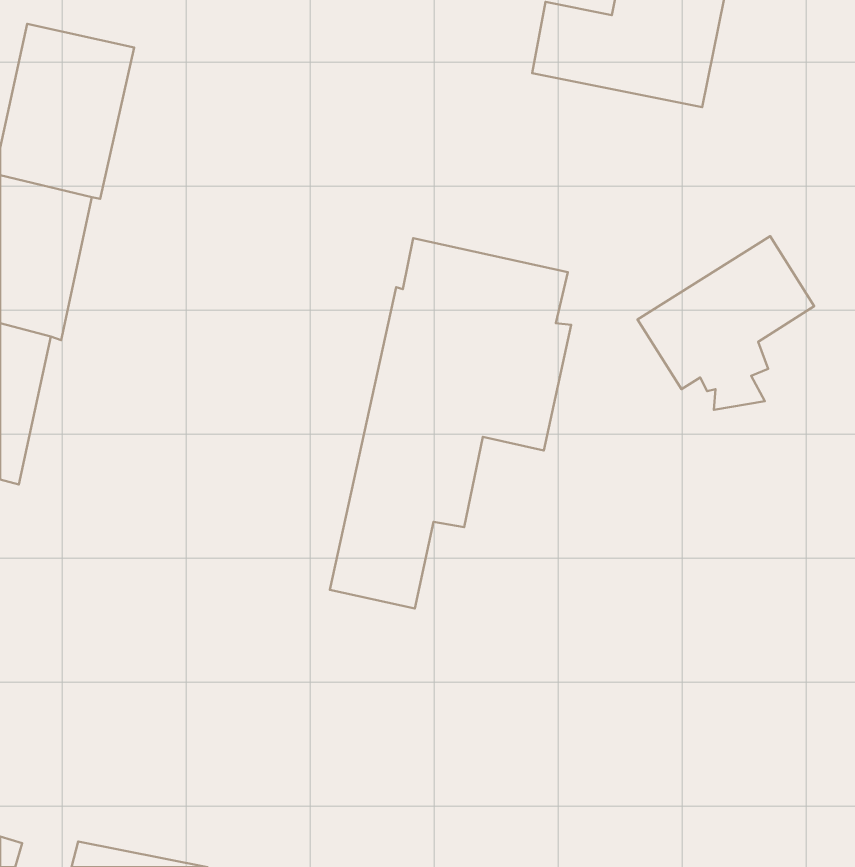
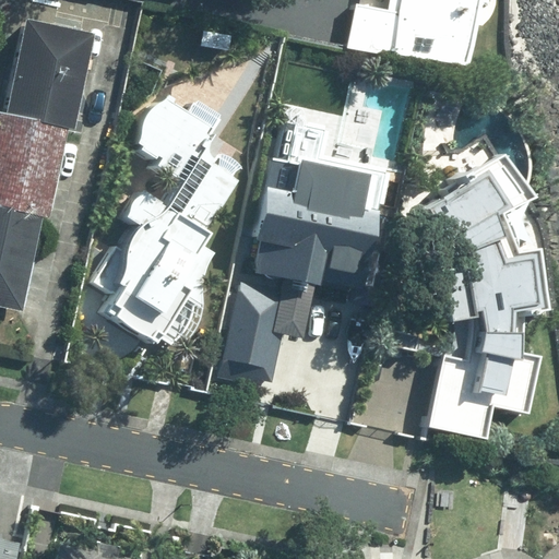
building: none -> [96,97,237,348]
building: none -> [429,252,544,439]

